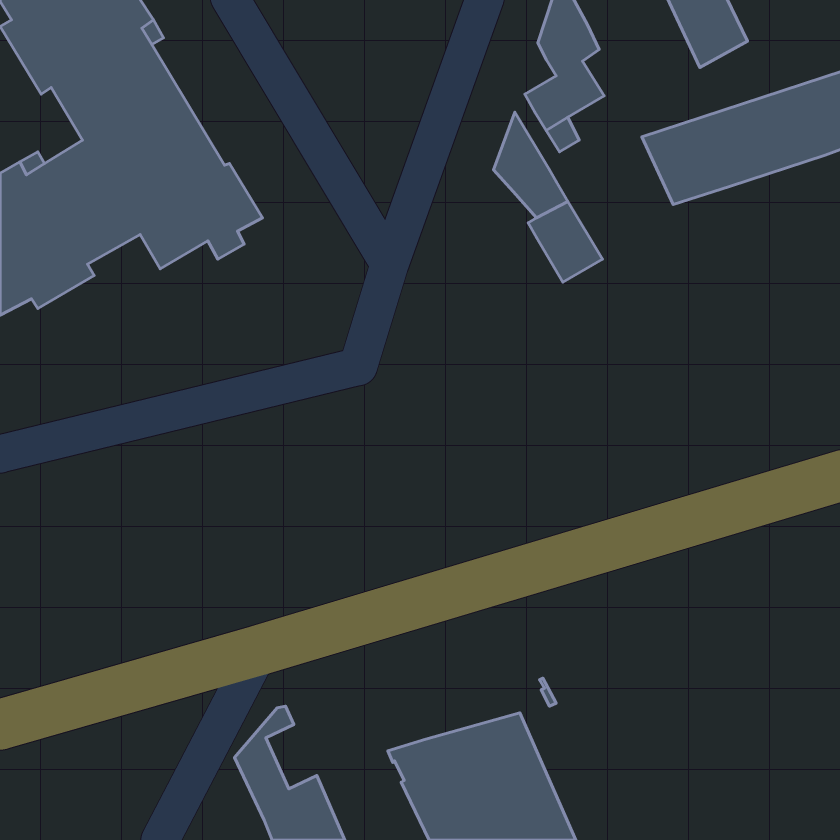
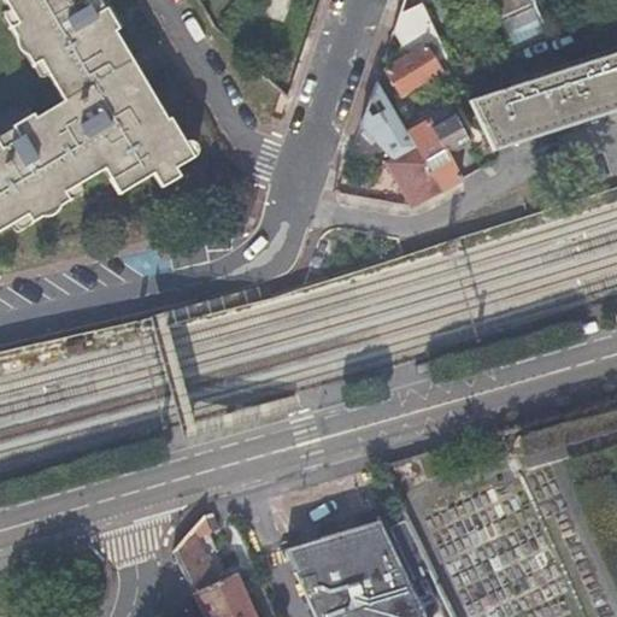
building: none -> [409,113,471,189]

